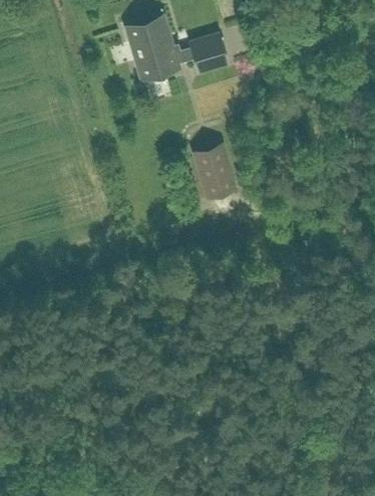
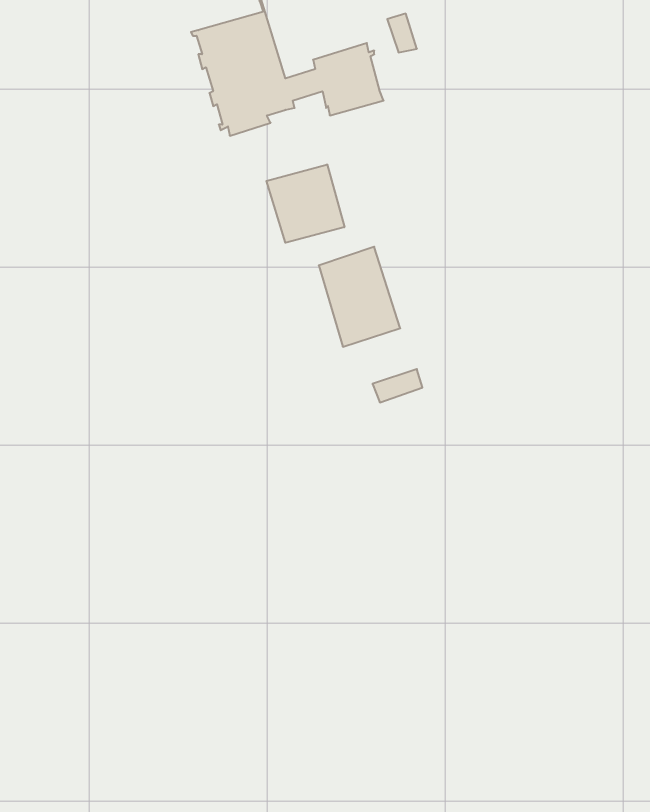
building: none -> [266,164,344,243]

